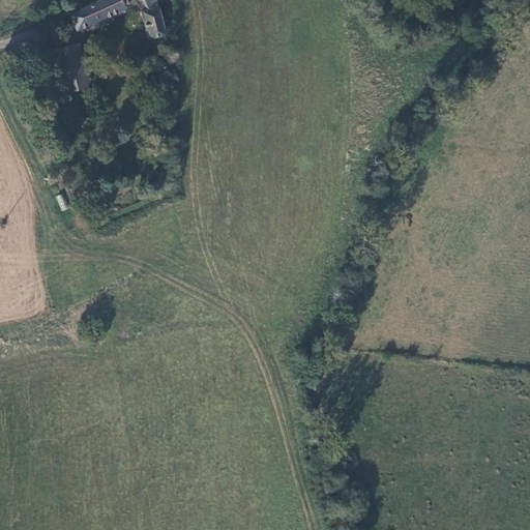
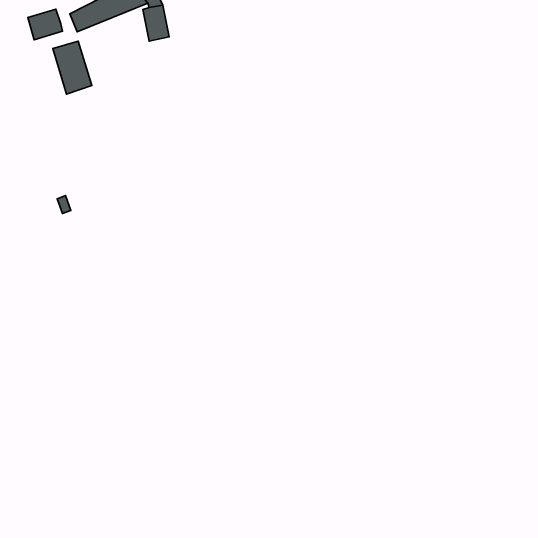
building: none -> [28,9,62,40]

